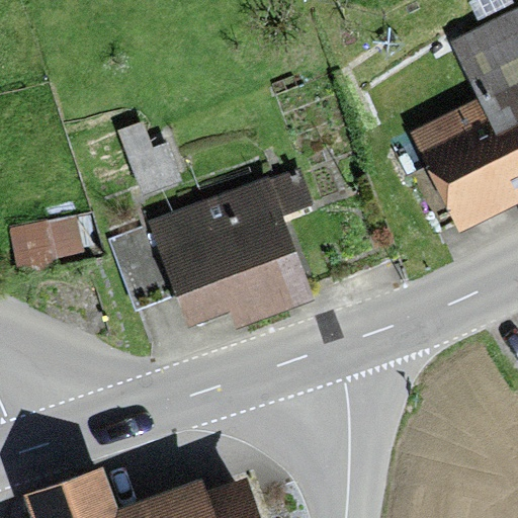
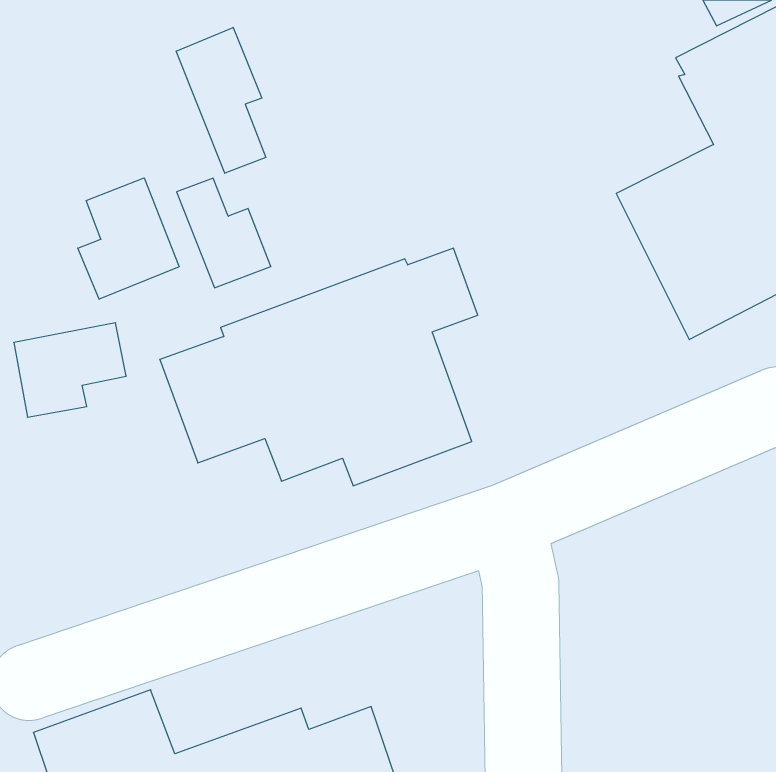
building: none -> [176,27,266,173]
building: none -> [78,178,179,299]

